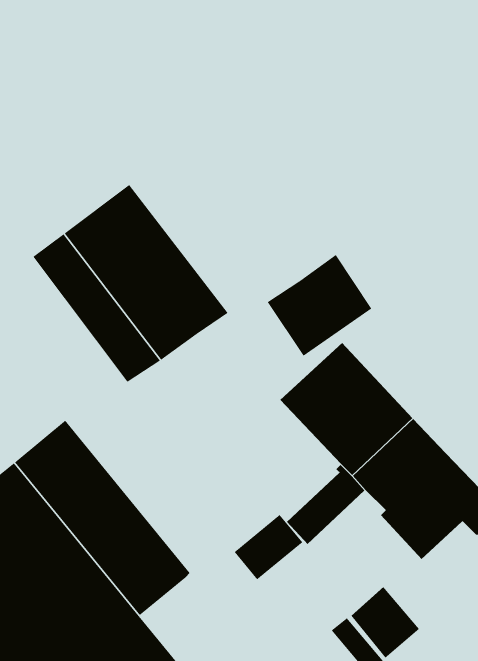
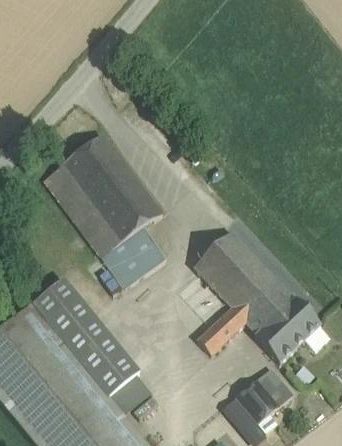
building: [267,254,372,356] -> [101,225,165,287]
building: [234,514,303,580] -> [108,373,150,413]
building: none -> [256,368,290,404]

